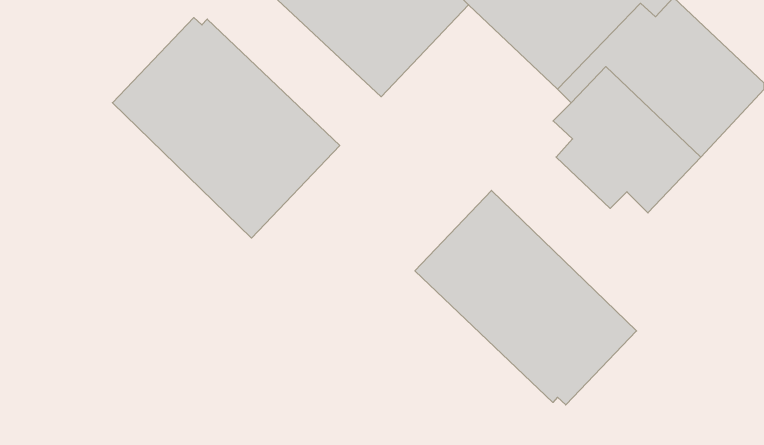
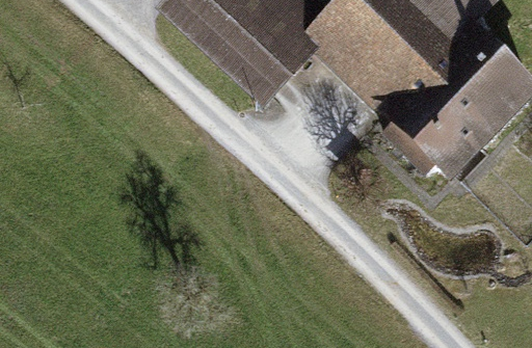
building: [112,18,340,238] -> none
building: [415,190,637,405] -> none

